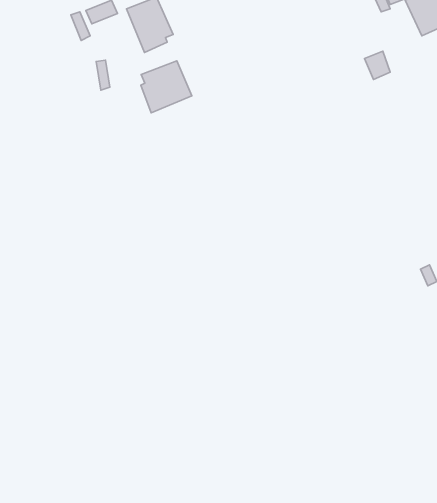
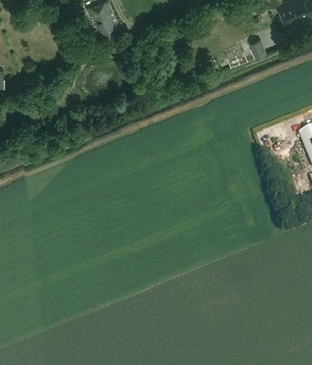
building: [141,61,192,113] -> none

